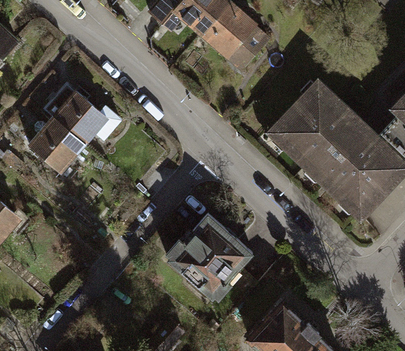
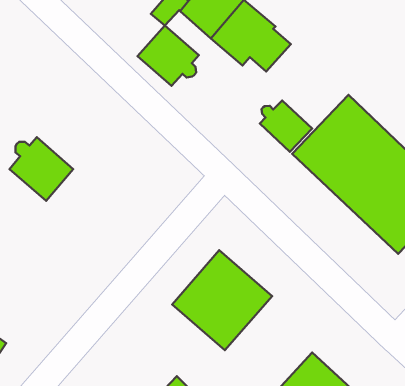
building: none -> [138,25,199,86]
building: none -> [260,100,312,152]
building: [51,91,117,145] -> none

